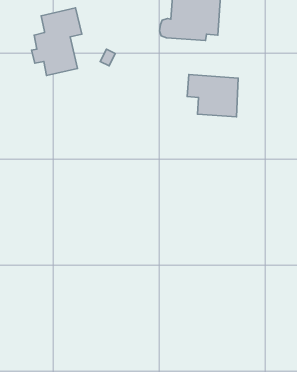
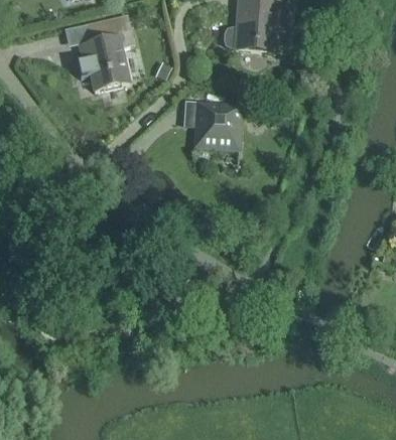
building: [187,75,238,117] -> [181,100,240,148]

